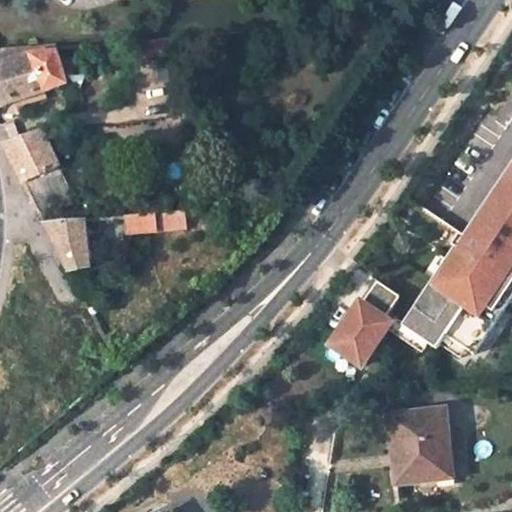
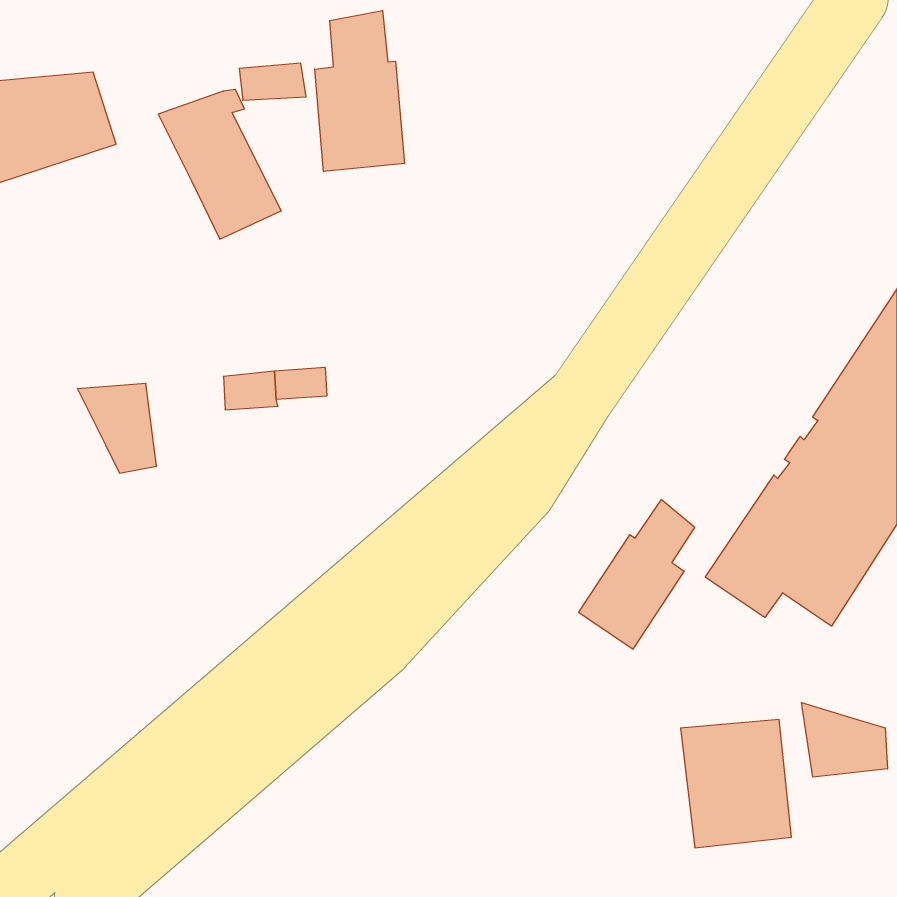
building: none -> [315,10,404,172]
building: [4,127,74,212] -> [158,90,281,239]
building: none -> [801,703,888,777]

